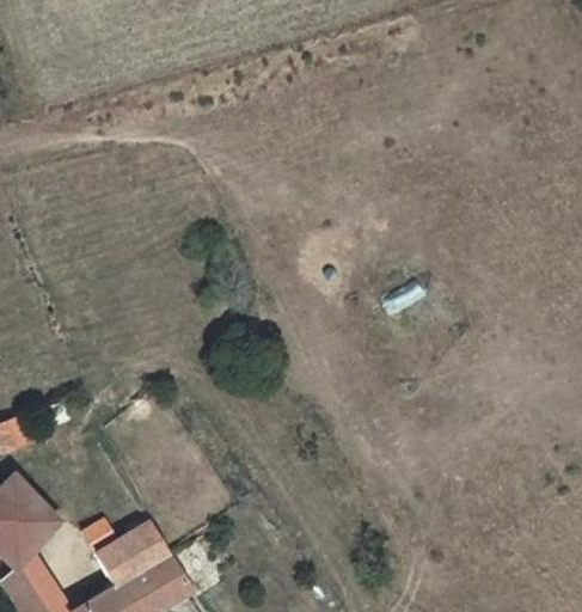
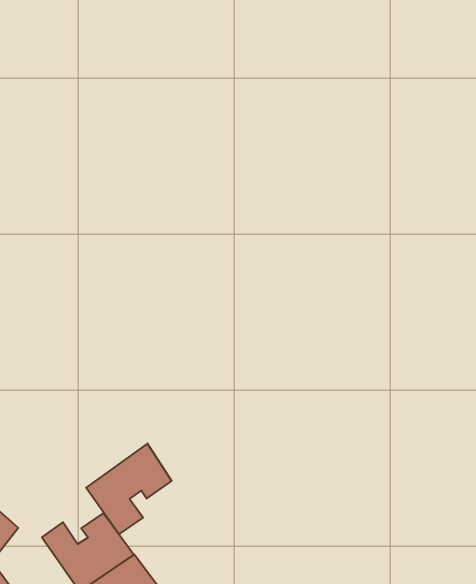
building: none -> [86,443,172,534]

